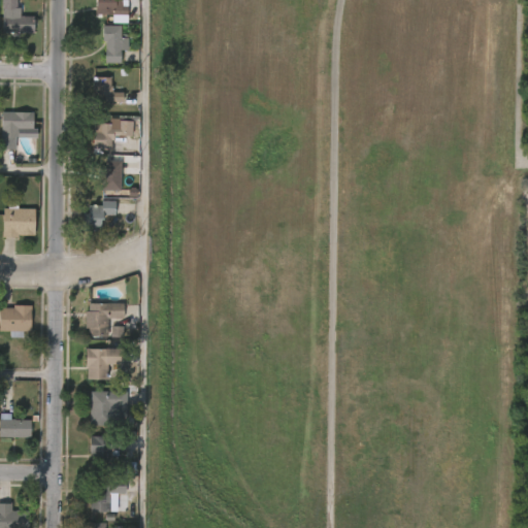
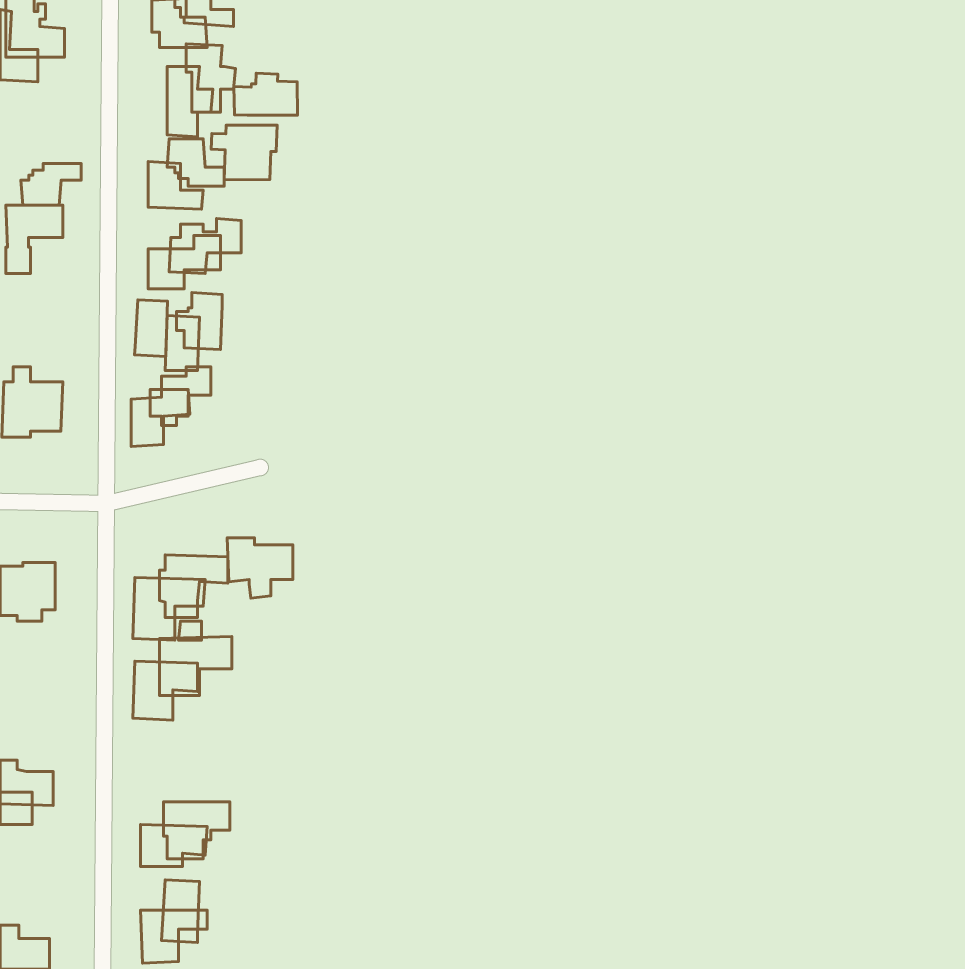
building: none -> [234,73,297,115]
building: none -> [211,125,277,180]
building: none -> [21,164,81,205]
building: none -> [134,300,168,356]
building: none -> [227,538,293,598]
building: [92,391,129,425] -> none

